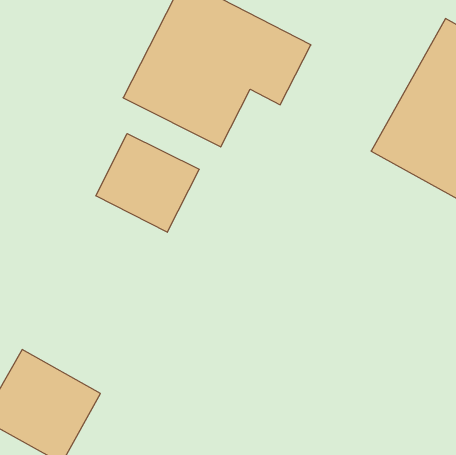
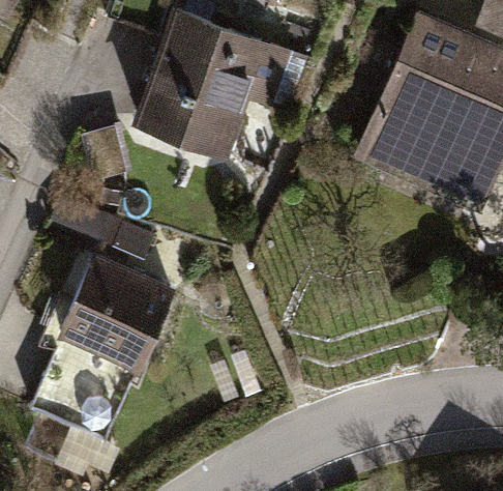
building: [96,134,199,232] -> none
building: none -> [60,262,175,370]

